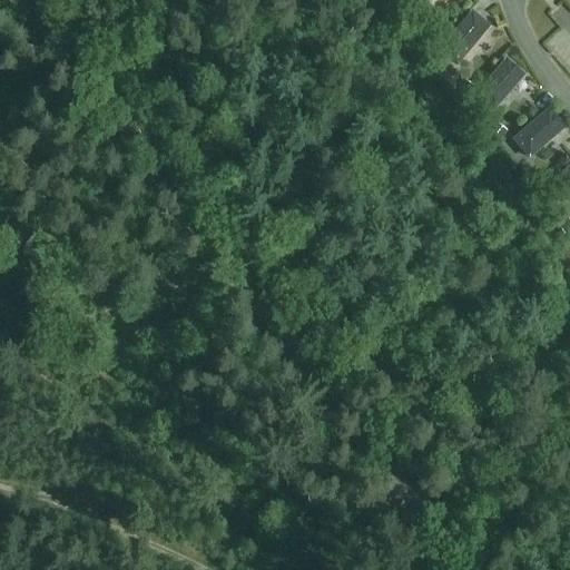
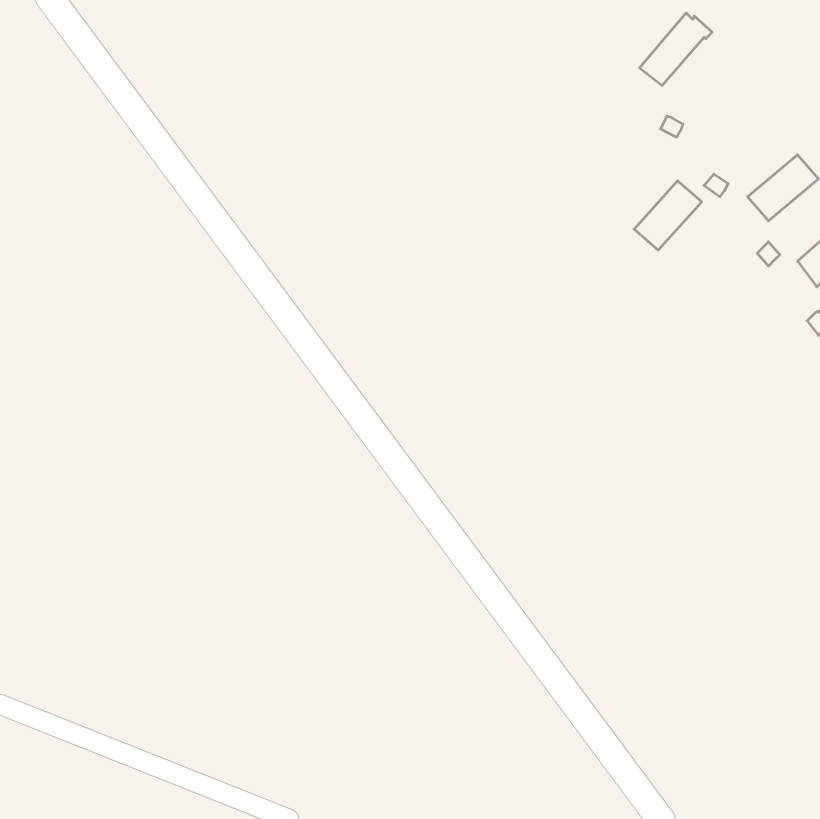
building: [481,57,528,105] -> [634,181,702,250]

